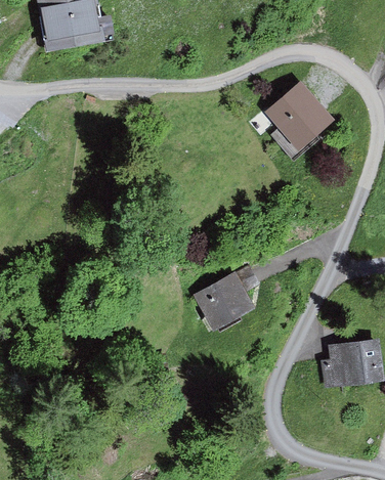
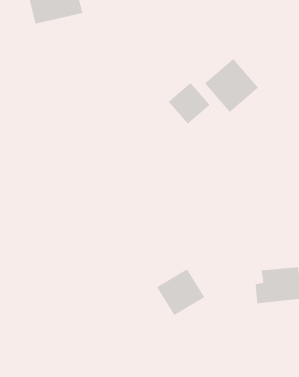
building: none -> [168,82,210,125]
building: [197,272,256,330] -> [156,268,205,316]

